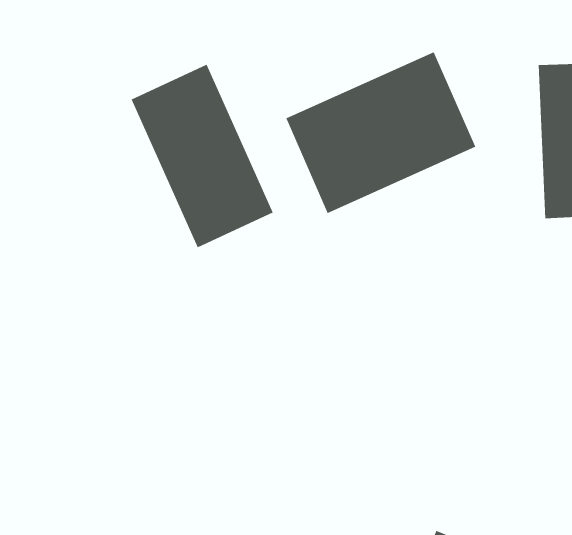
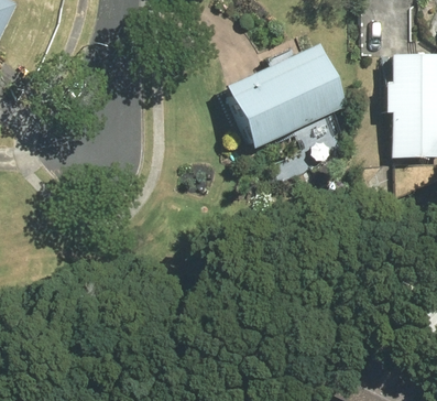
building: [131,64,274,248] -> none

